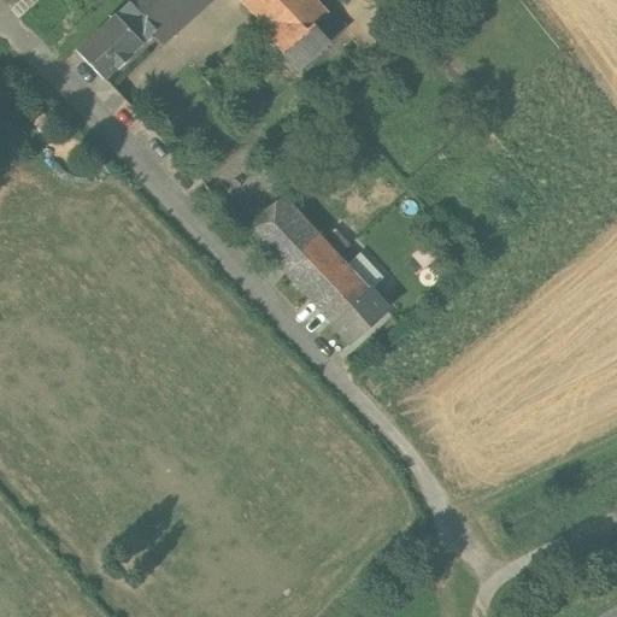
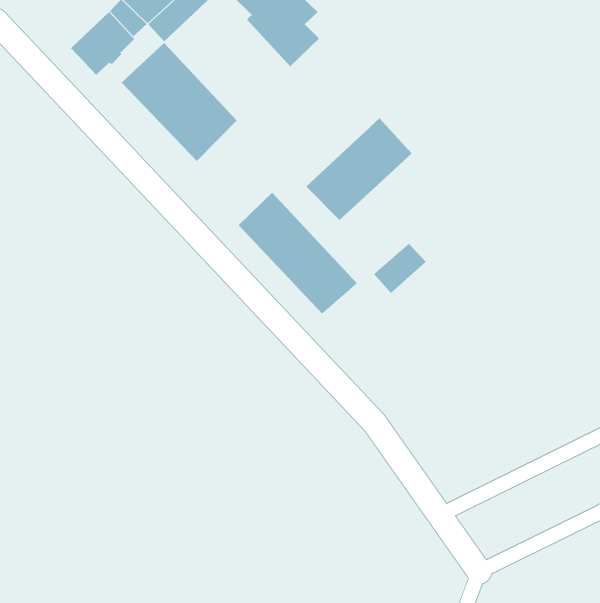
building: none -> [121,42,238,162]
building: none -> [306,117,412,221]
building: [334,288,388,340] -> [373,243,427,294]

